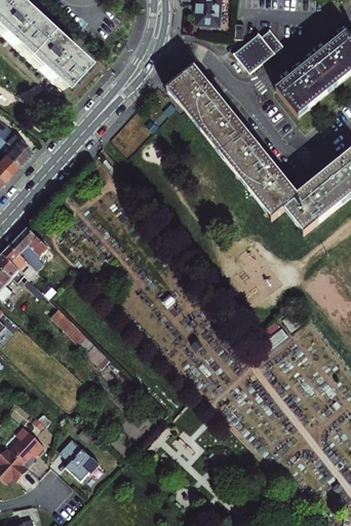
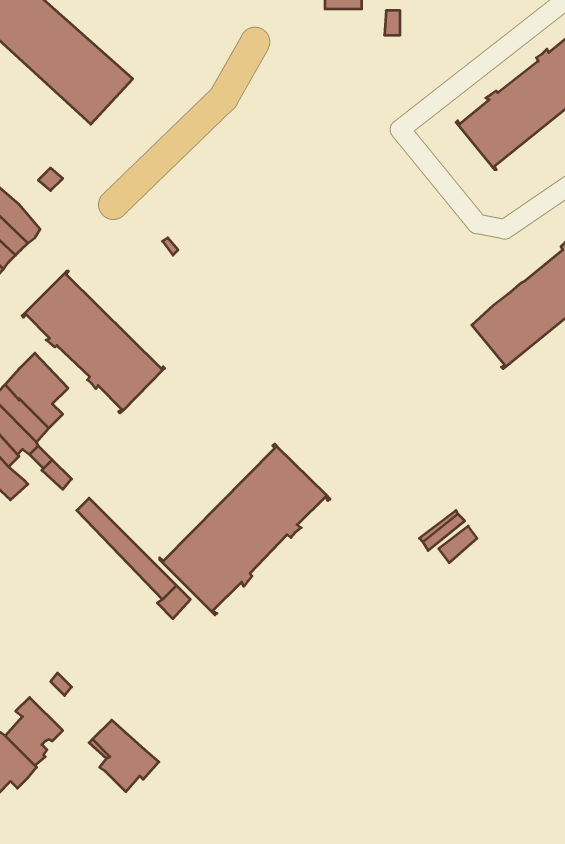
building: [232,25,283,71] -> none
building: [165,64,297,217] -> none
building: none -> [22,271,165,413]
building: none -> [160,444,330,615]

